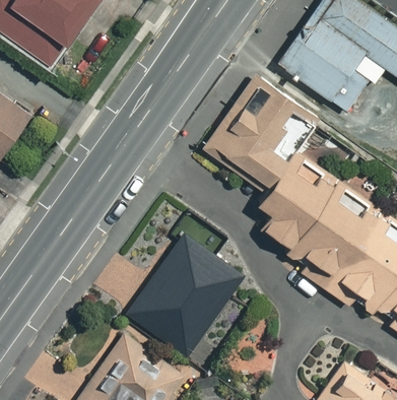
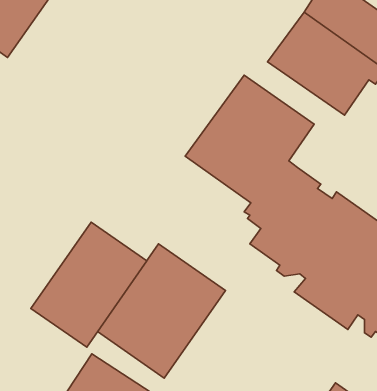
building: none -> [31,222,147,347]

